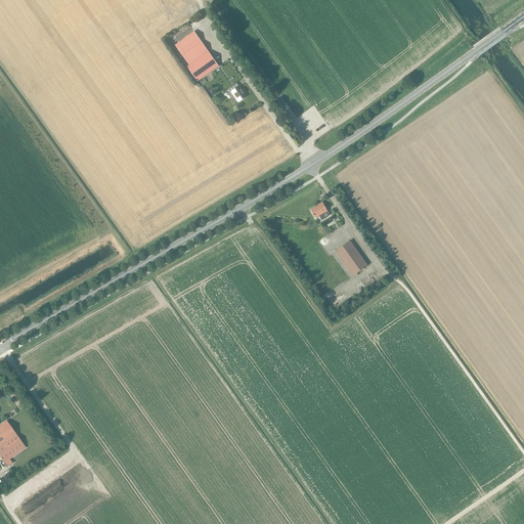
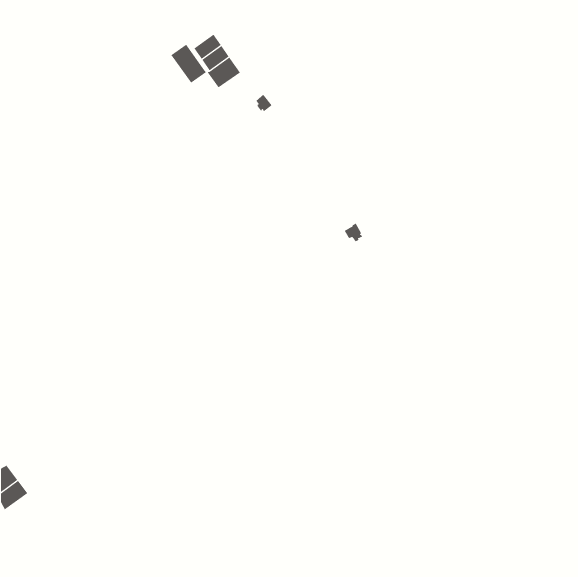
building: none -> [171,44,207,83]
building: [336,241,367,274] -> none

